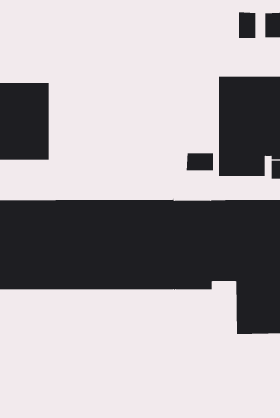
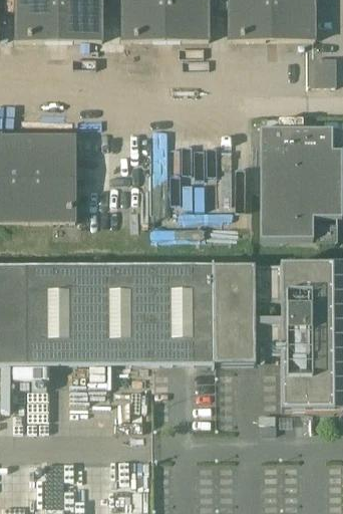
building: [238,12,256,39] -> none
building: [186,152,213,171] -> none

